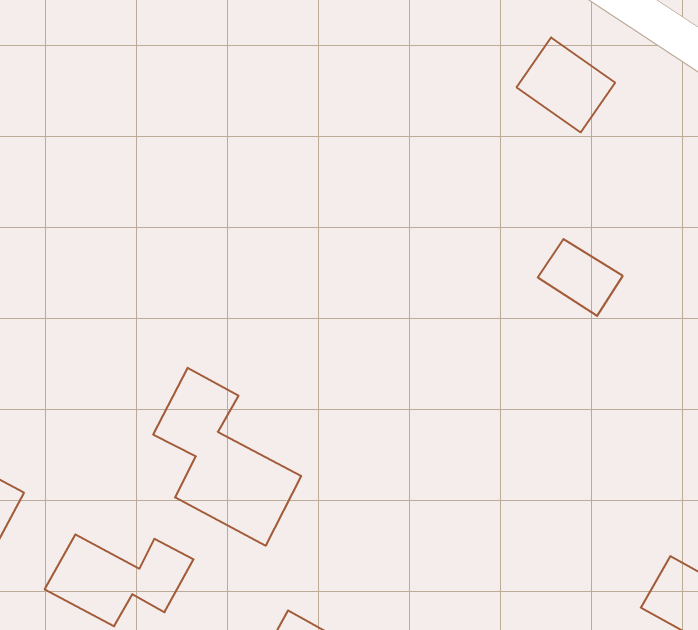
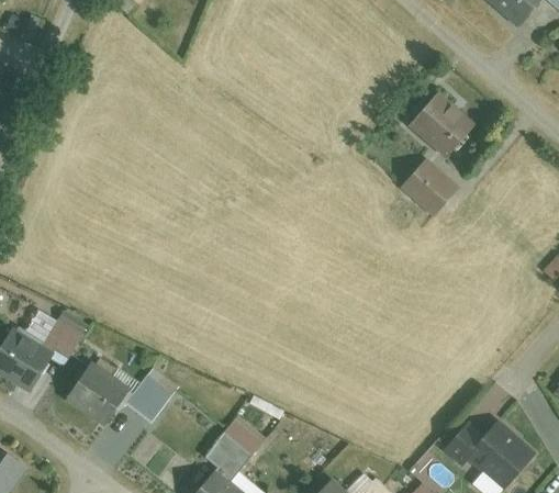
building: [538,239,623,316] -> [399,160,452,212]
building: [153,368,301,546] -> none

